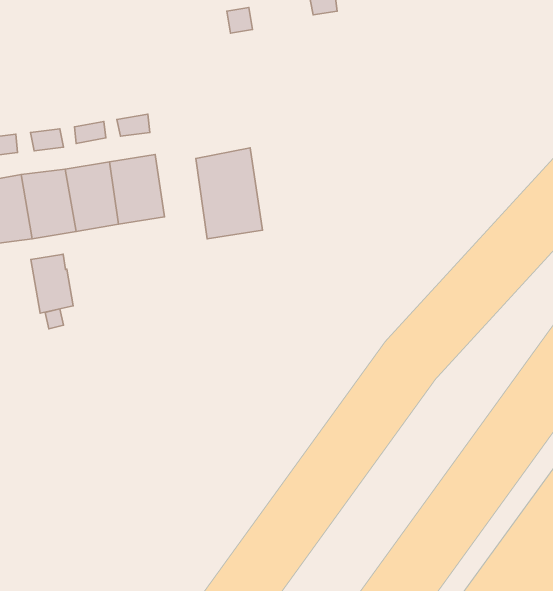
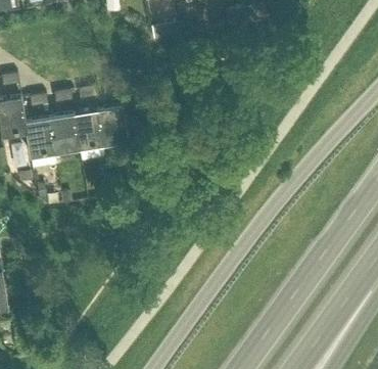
building: [196,148,262,239] -> none
building: [31,254,73,313] -> none

